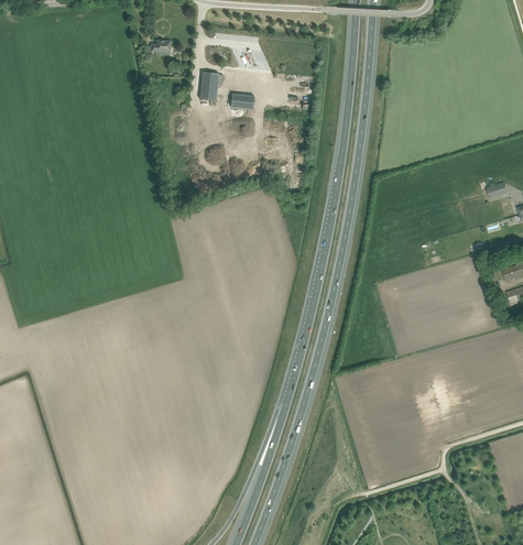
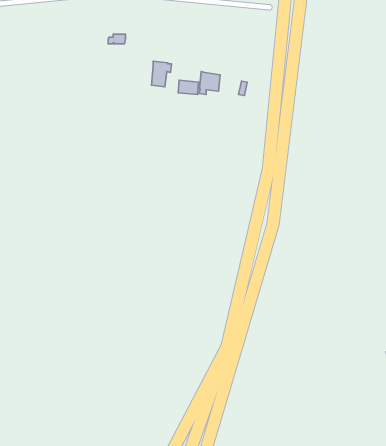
building: none -> [199,71,220,95]

